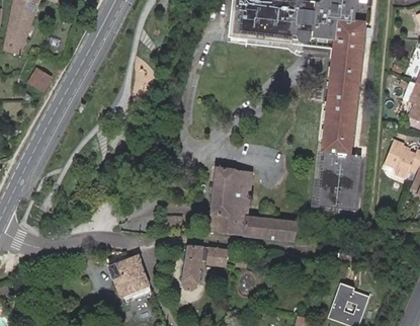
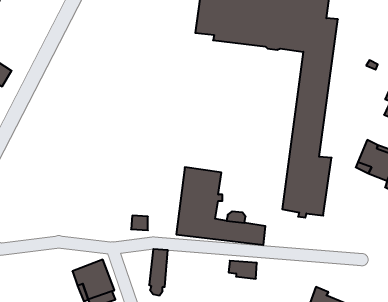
building: [200,247,228,264] -> [229,261,257,279]

